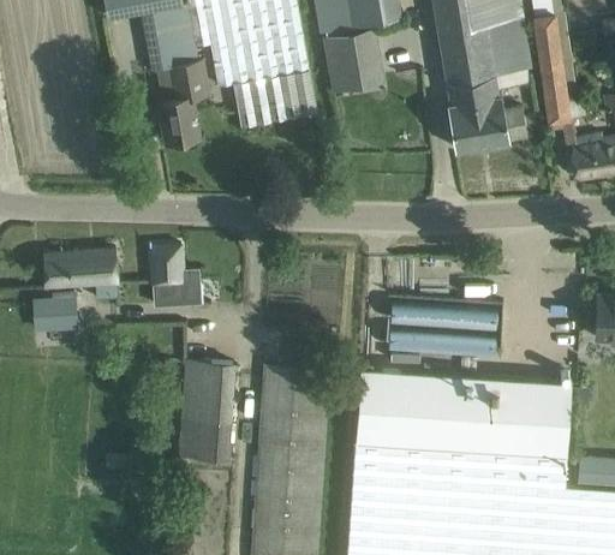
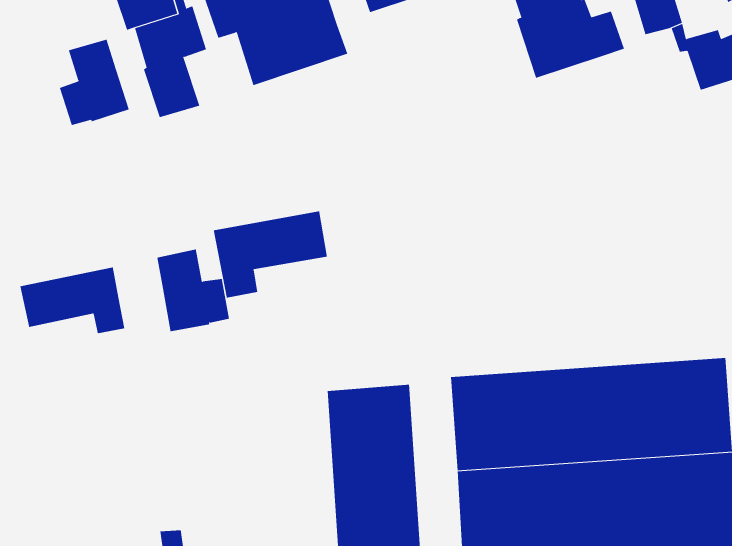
building: none -> [59,39,130,126]
building: none -> [213,211,328,298]
building: [34,300,77,332] -> none
building: [388,306,495,353] -> none
building: [179,360,234,460] -> none

